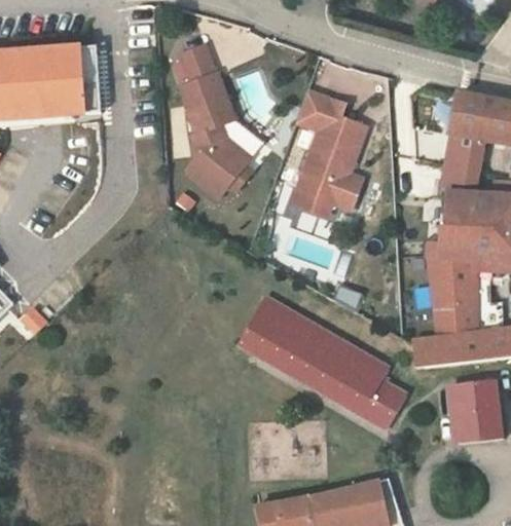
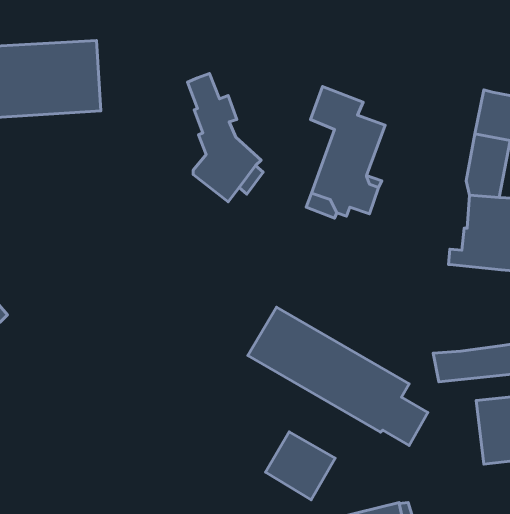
building: [180,44,262,159] -> none
building: [427,257,476,338] -> none
building: none -> [266,432,335,500]

